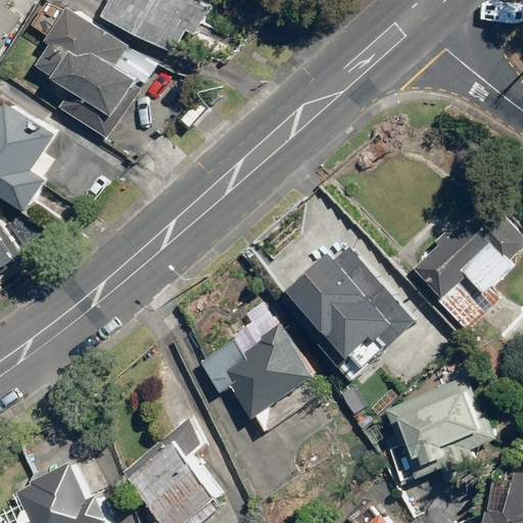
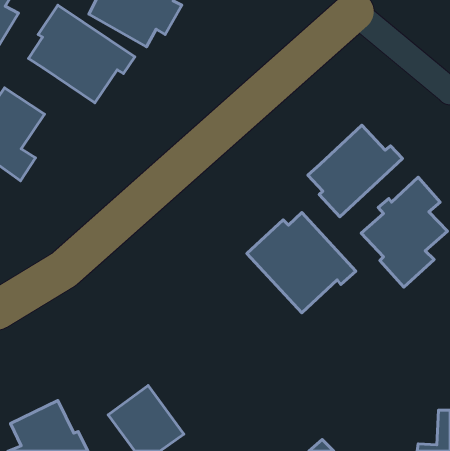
building: none -> [308,125,403,217]
building: [198,327,319,430] -> none
building: [381,375,496,482] -> none

